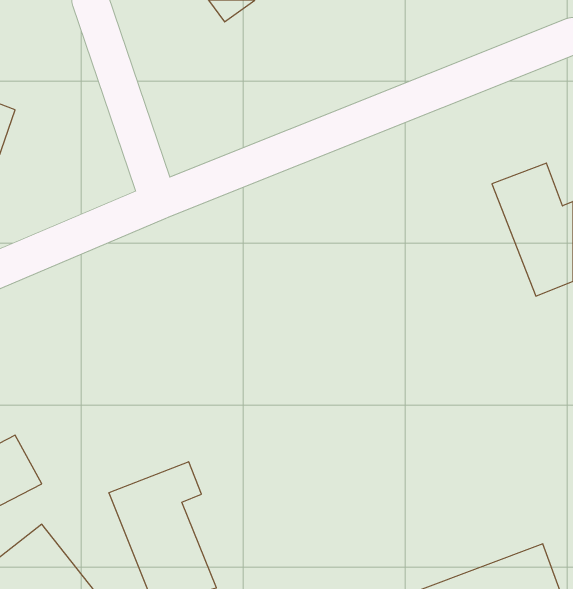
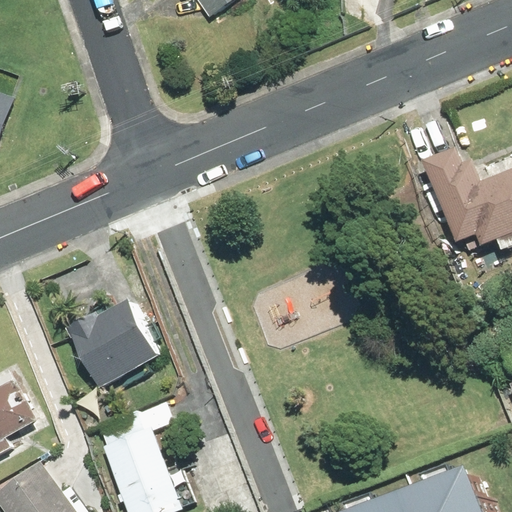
building: none -> [56,304,145,389]

